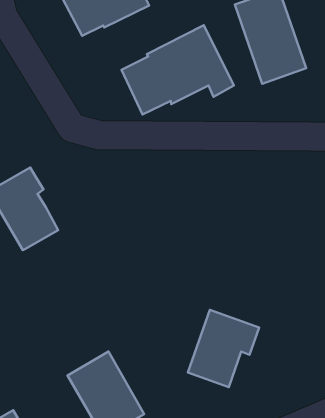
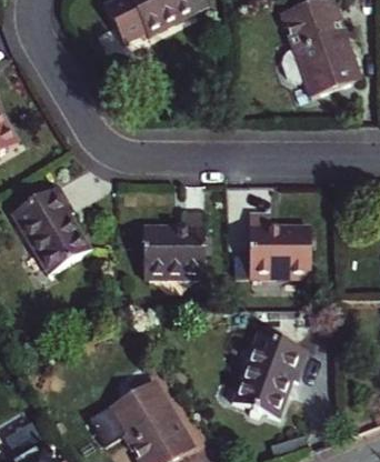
building: [122,25,234,114] -> none
building: none -> [146,213,206,279]
building: none -> [249,215,310,281]

